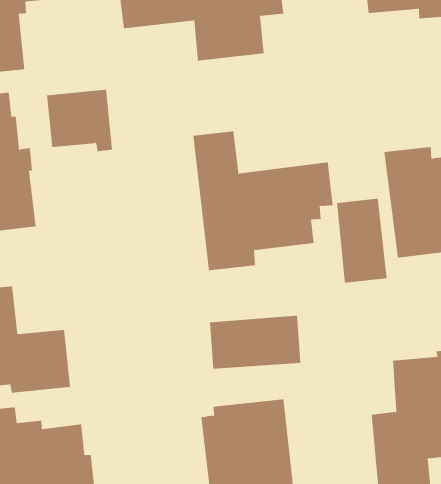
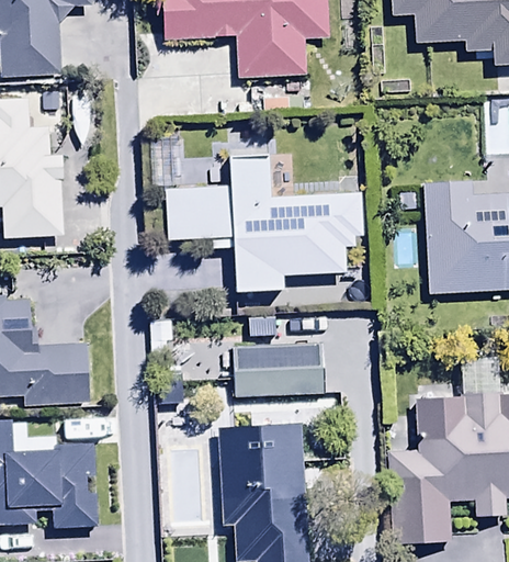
building: [46,89,113,152] -> [163,186,228,249]
building: [336,198,387,284] -> none

